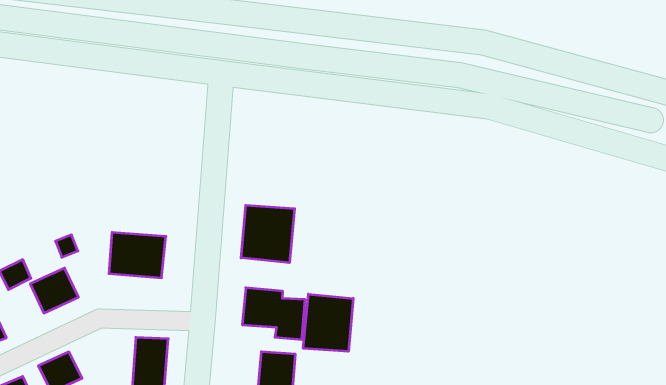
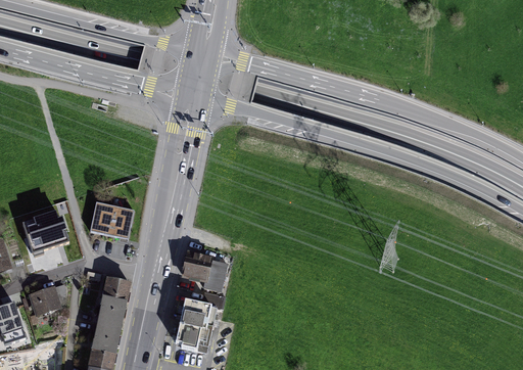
building: [241,205,295,263] -> none
building: [303,294,353,351] -> none

